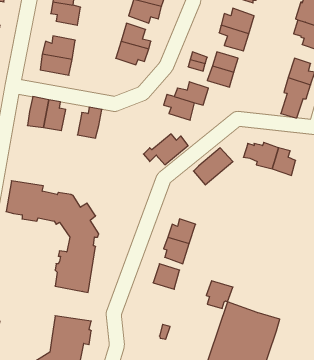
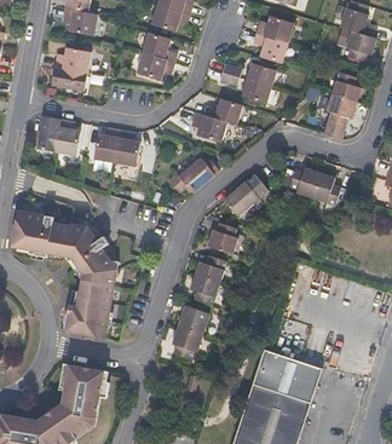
building: none -> [113,129,138,166]
building: none -> [208,221,237,254]
building: [206,281,233,308] -> [172,327,202,358]

